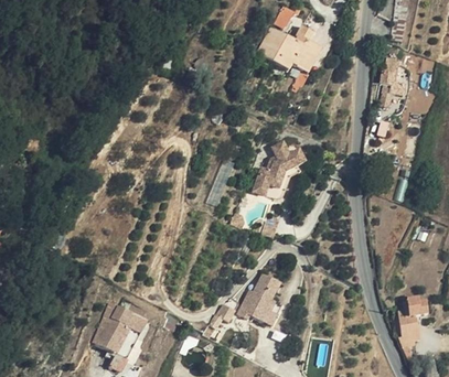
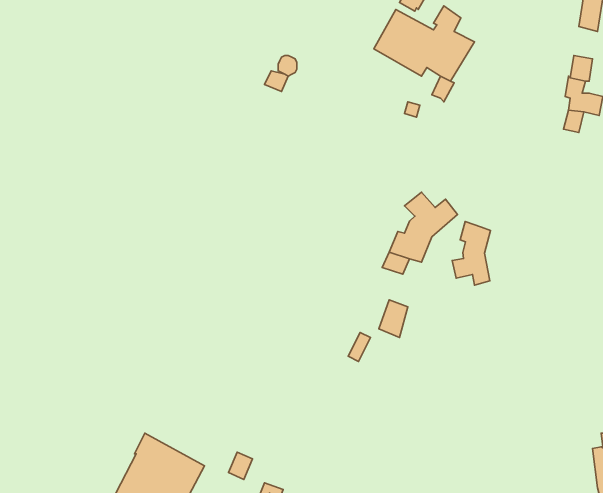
building: none -> [452,222,491,285]
building: [236,272,277,325] -> none

